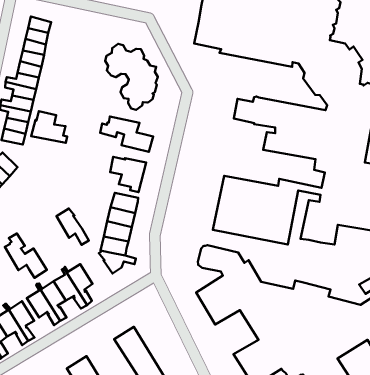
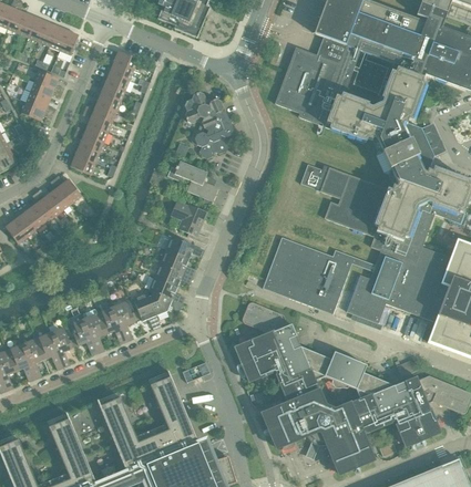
building: [31,111,67,143] -> none
building: [56,209,89,245] -> [134,292,162,330]
building: [5,234,47,278] -> none

